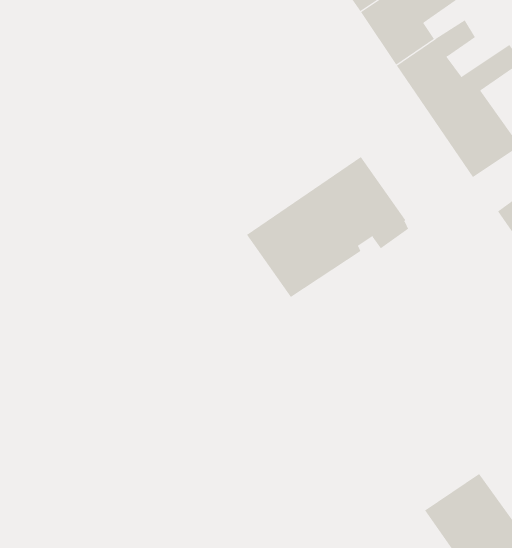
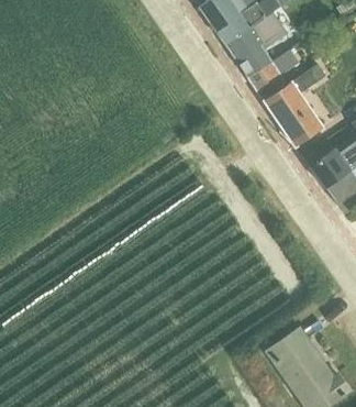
building: [246,156,409,298] -> none

